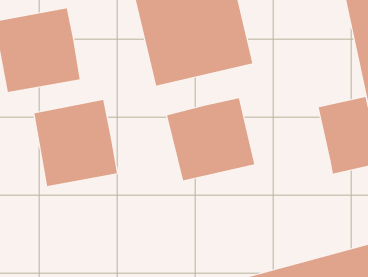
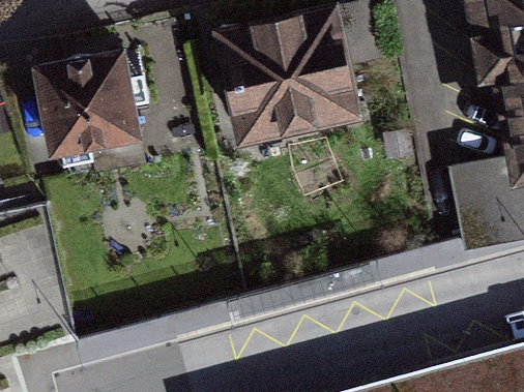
building: [167,97,255,181] -> none
building: [34,99,117,187] -> none

